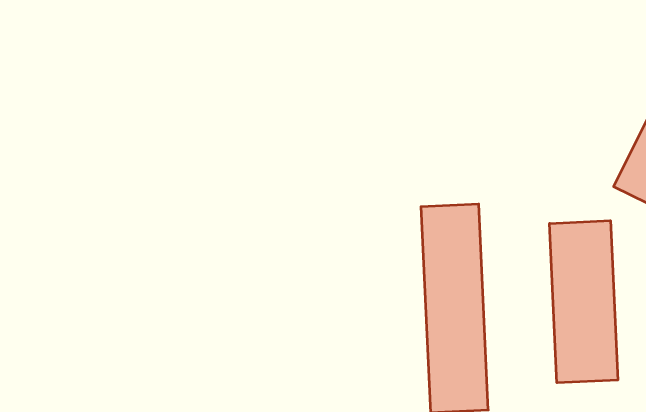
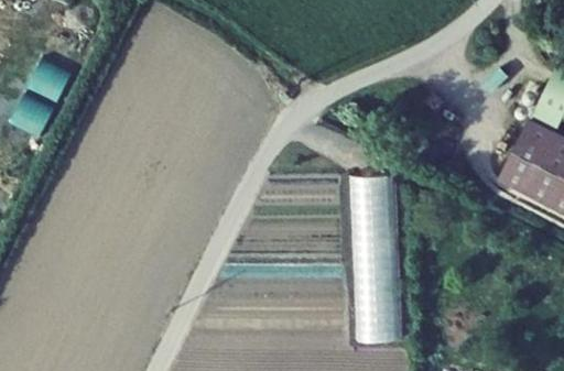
building: [550,221,618,383] -> none

